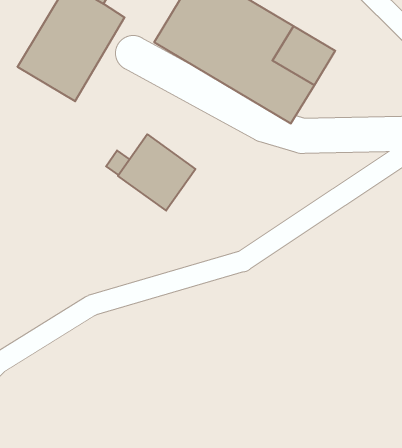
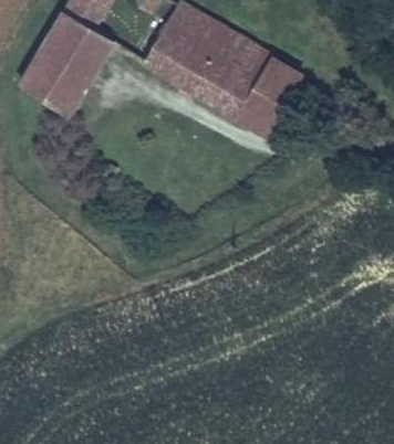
building: [118,134,195,211] -> none

